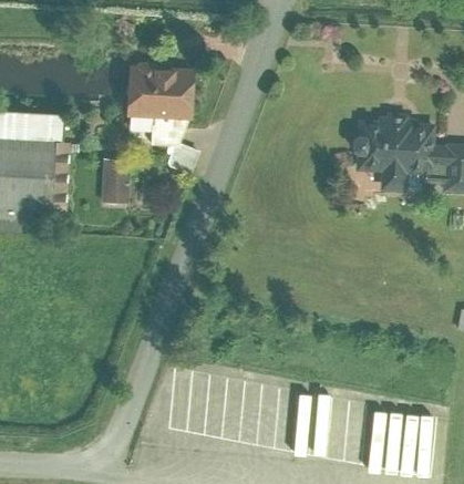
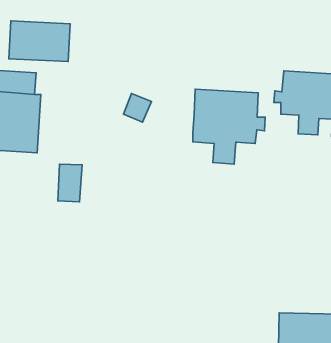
building: [120,70,195,120] -> [9,21,70,61]
building: none -> [193,89,265,164]
building: [102,161,132,207] -> [58,164,82,202]

